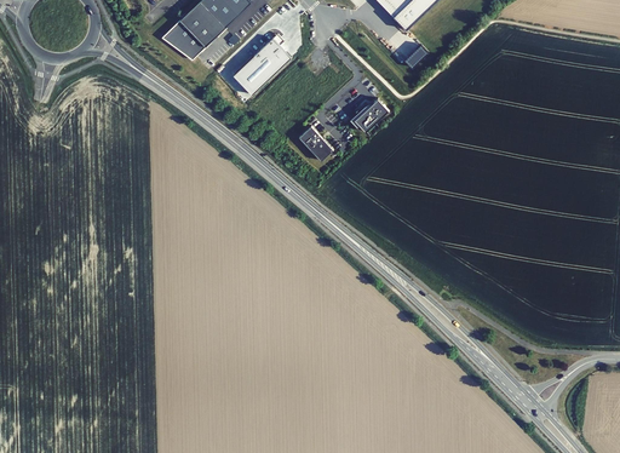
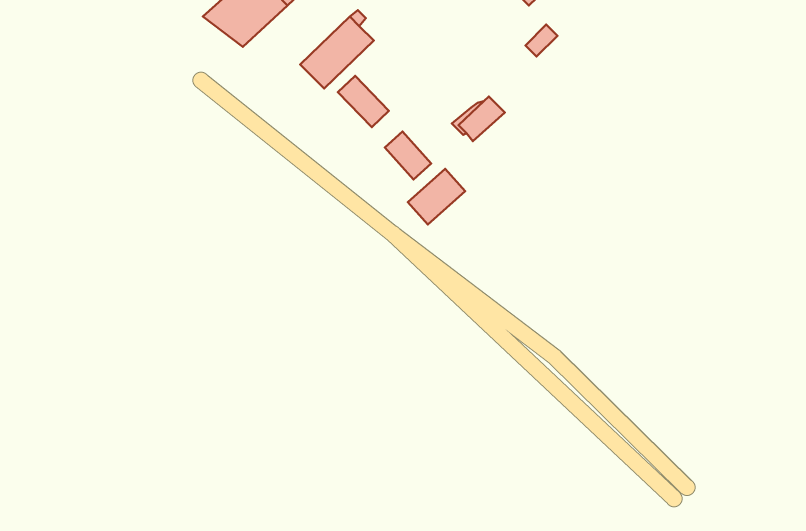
building: none -> [338,76,389,127]
building: none -> [408,169,465,225]

